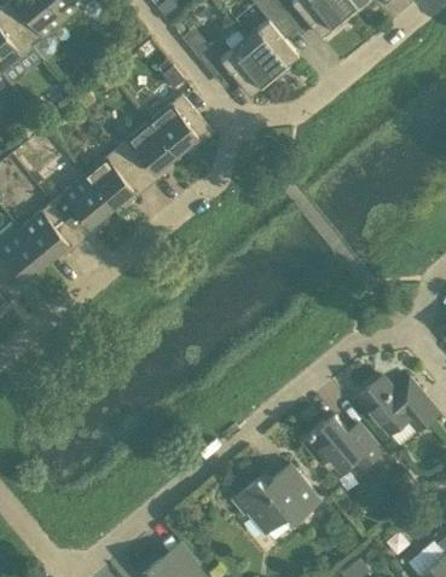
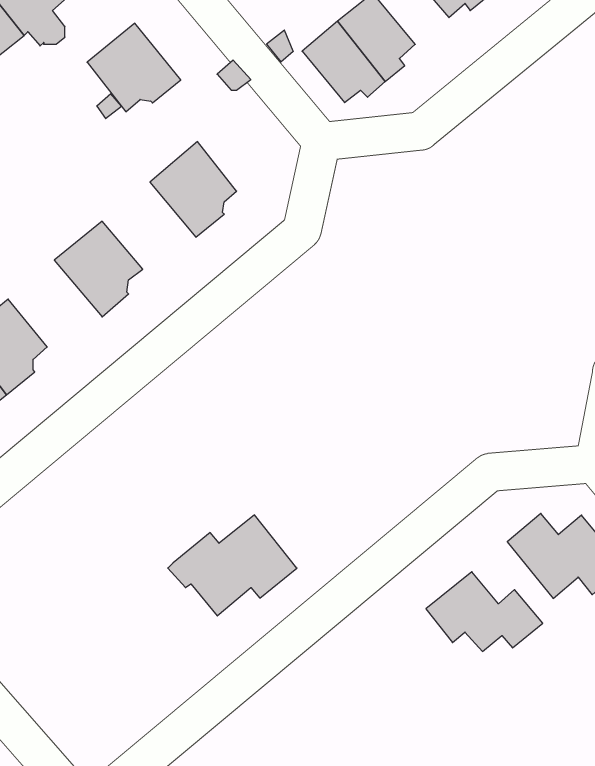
building: [149,94,213,155] -> [87,23,181,112]
building: [83,149,147,208] -> none
building: [19,202,83,261] -> none
building: [233,463,322,532] -> [168,515,297,616]

